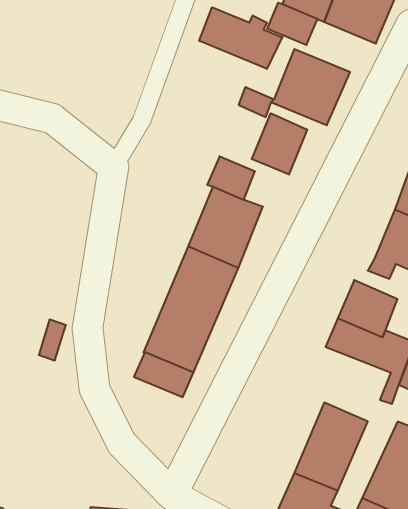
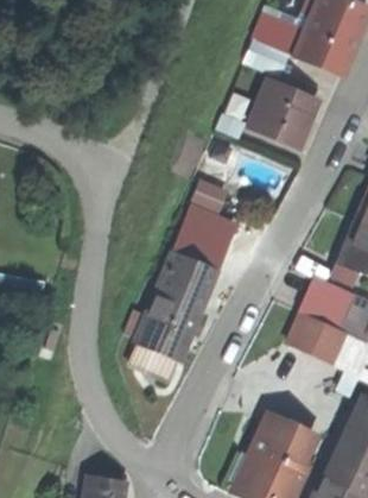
building: [199,7,282,69] -> none
building: [252,113,307,175] -> none

